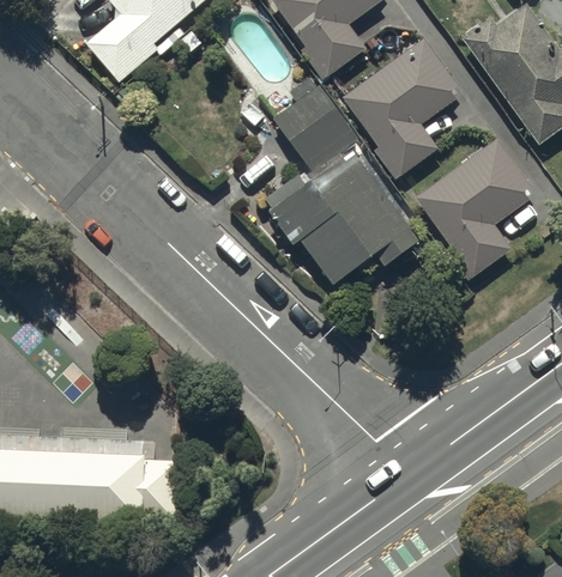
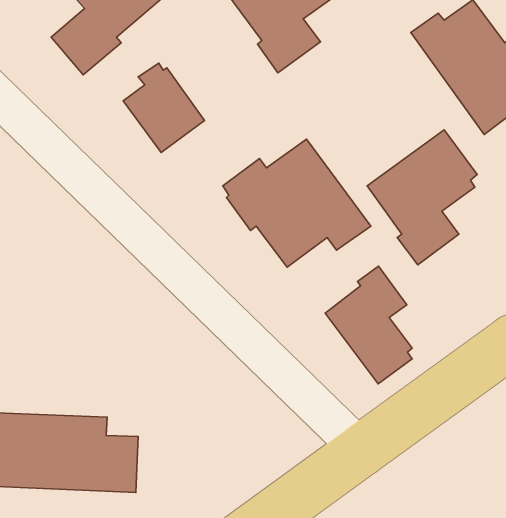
building: [342,38,458,180] -> none
building: [273,78,358,171] -> [123,63,205,152]
building: none -> [325,266,412,384]

